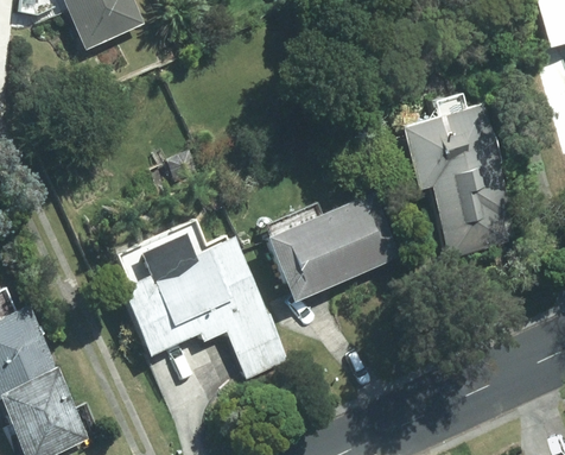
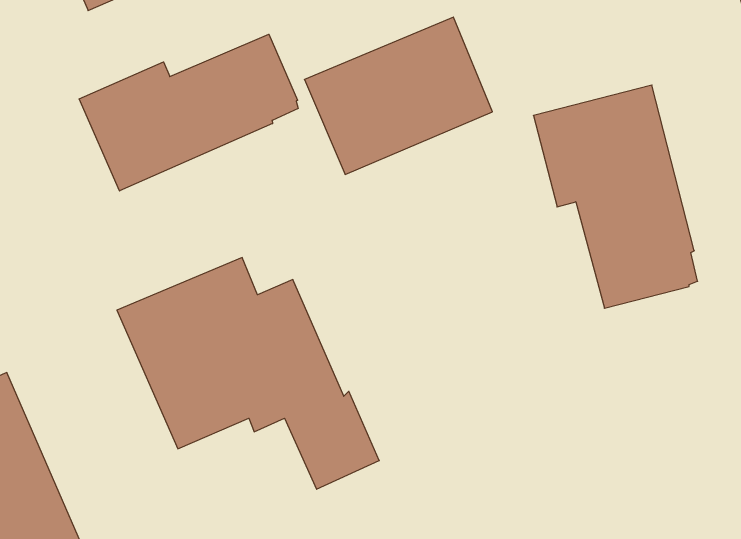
building: none -> [79,34,298,191]
building: [266,188,398,298] -> [304,17,492,174]

